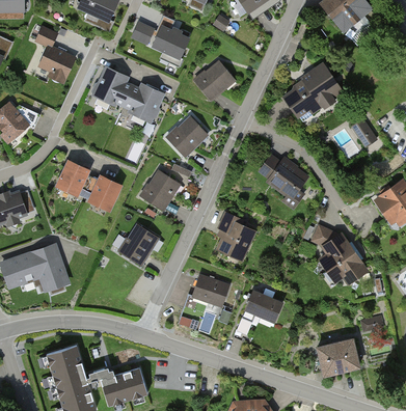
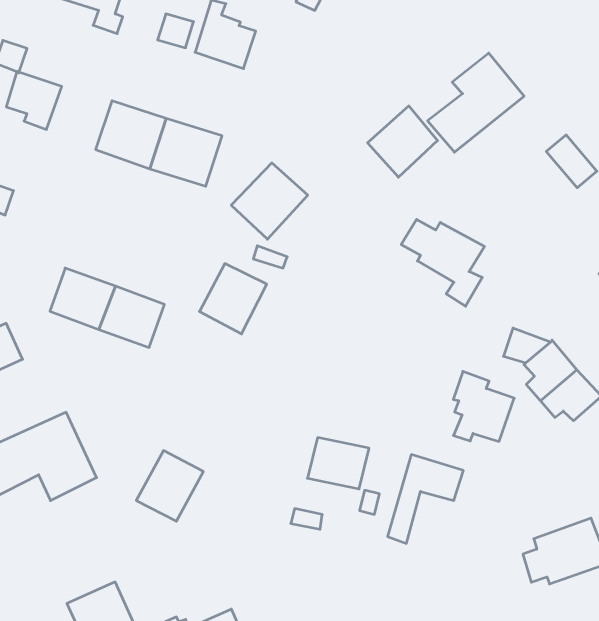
building: [195,61,236,102] -> [368,106,438,177]
building: [218,212,255,254] -> [453,371,514,441]
building: [119,225,160,267] -> [136,451,203,521]

